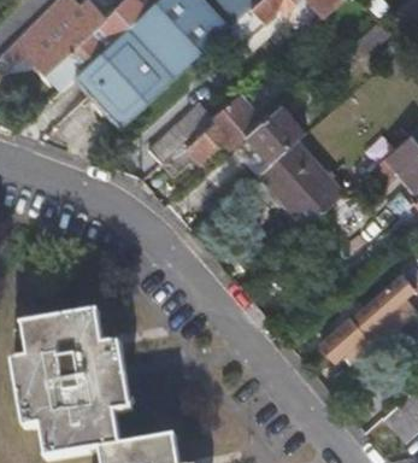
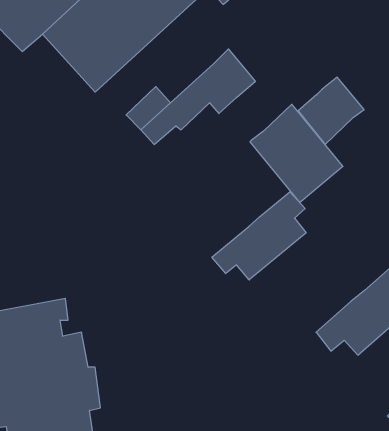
building: [248,102,307,163] -> [298,77,364,145]
building: none -> [212,192,306,280]

